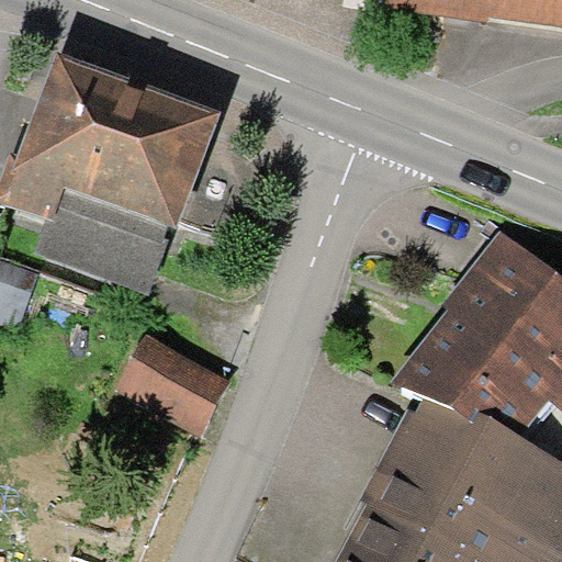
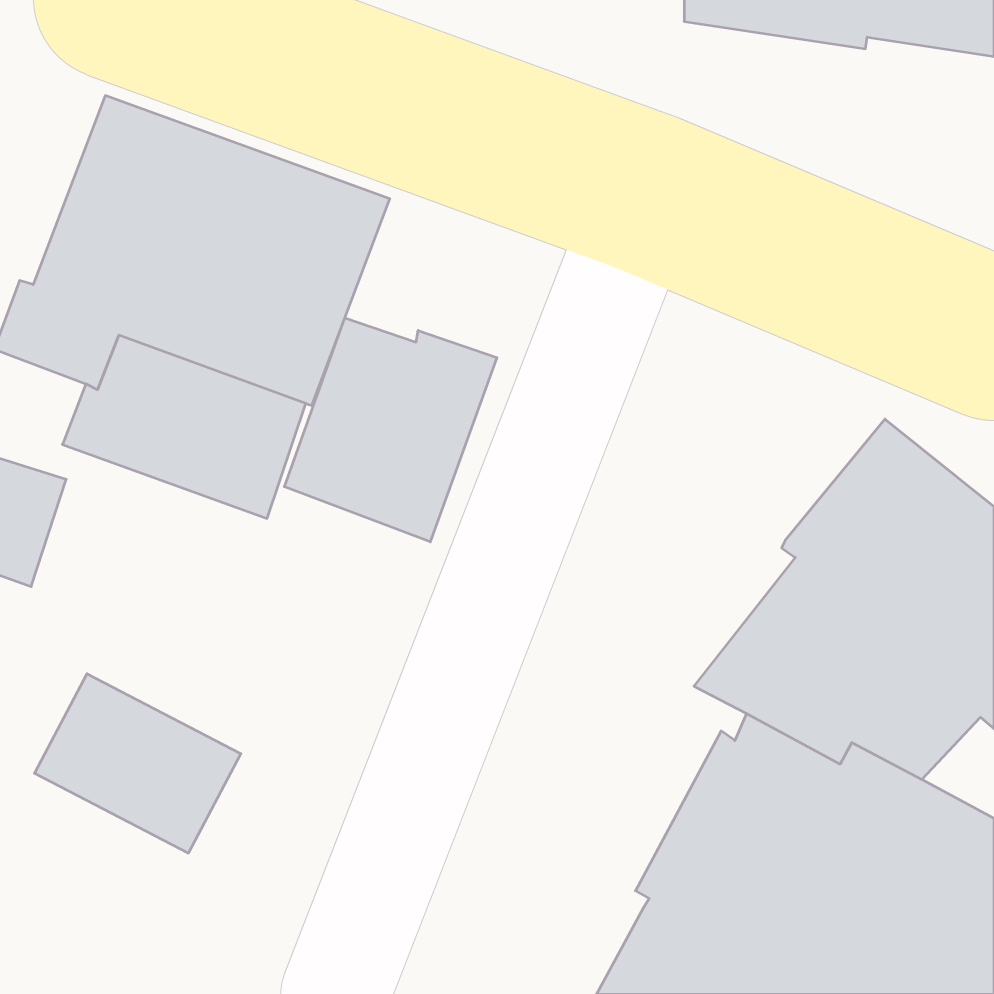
building: none -> [284,318,497,542]
building: [115,335,232,436] -> [34,674,241,853]

